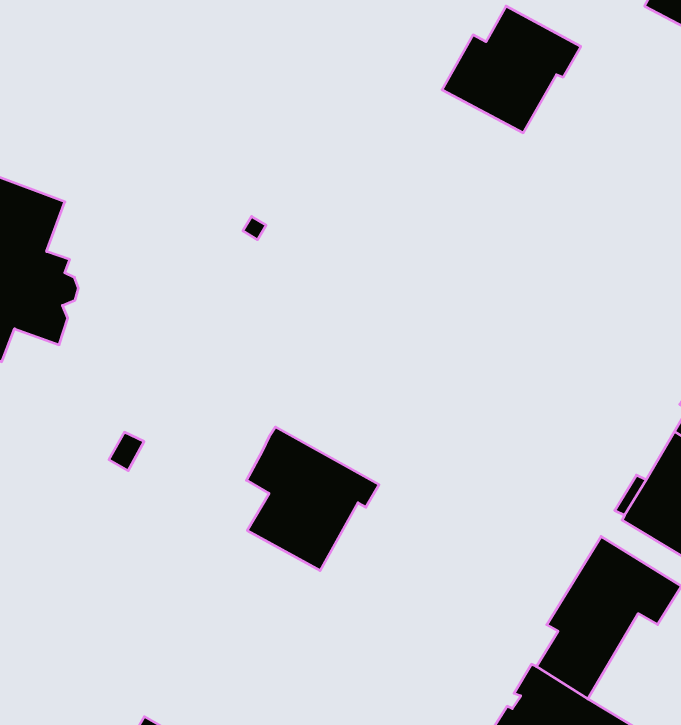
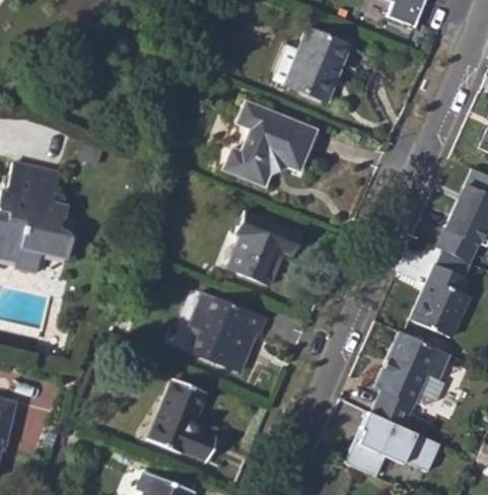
building: none -> [222,101,315,187]
building: none -> [229,210,300,285]
building: none -> [146,377,216,462]

